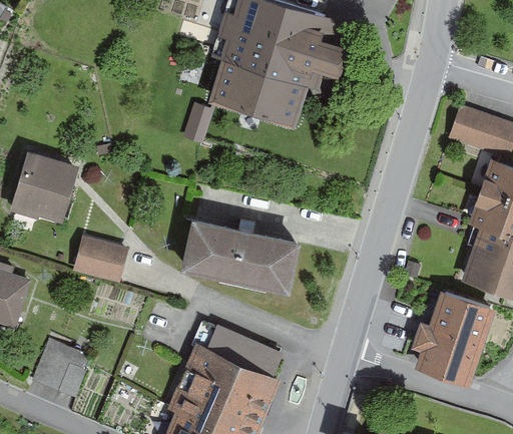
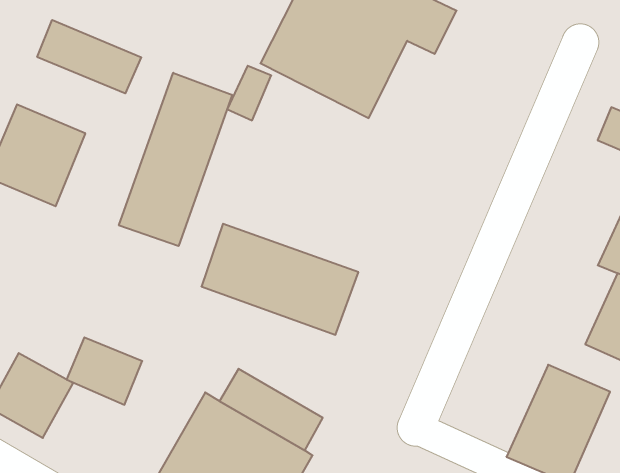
building: none -> [37,20,141,93]
building: none -> [119,73,232,246]
building: [74,239,127,284] -> [67,337,142,405]

